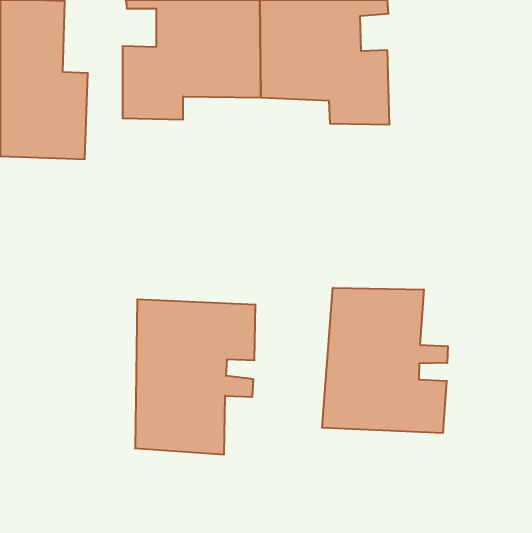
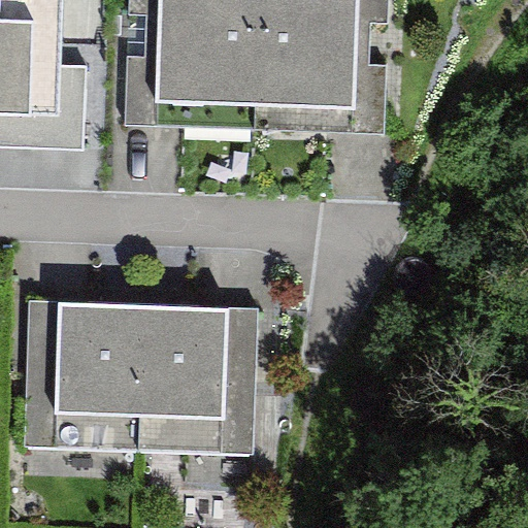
building: [322,288,448,433] -> none
building: none -> [24,290,138,443]

